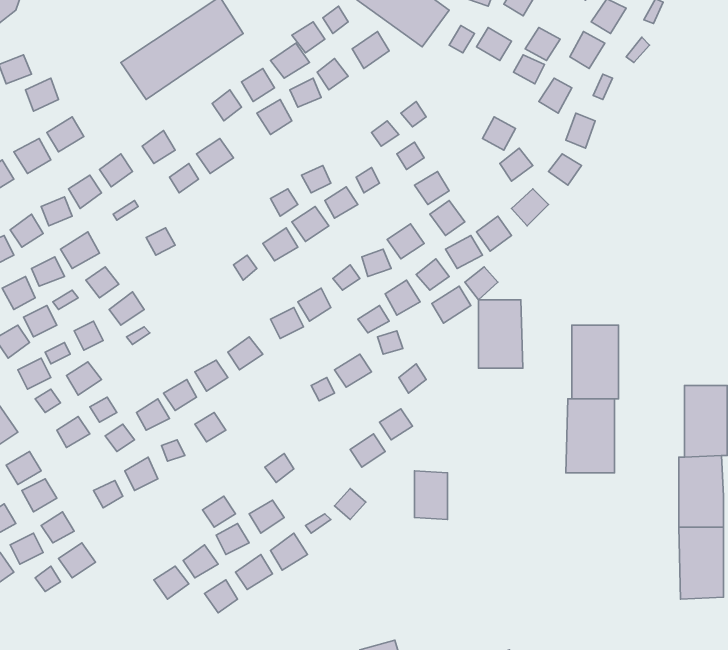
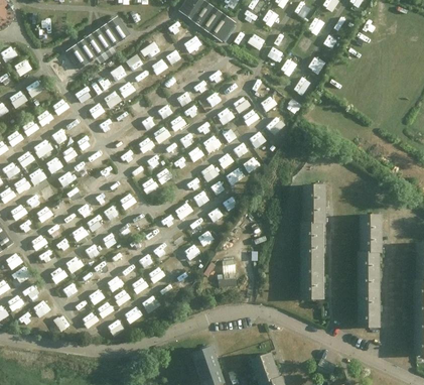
building: [478,300,523,368] -> none
building: none -> [297,262,322,299]

